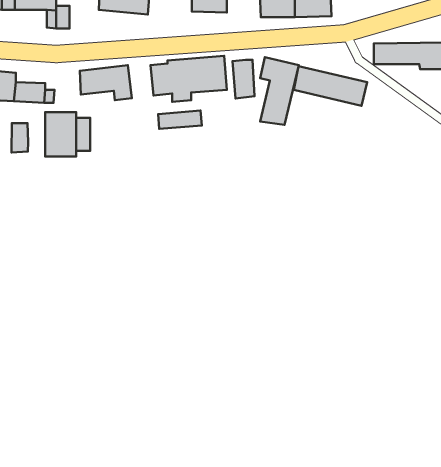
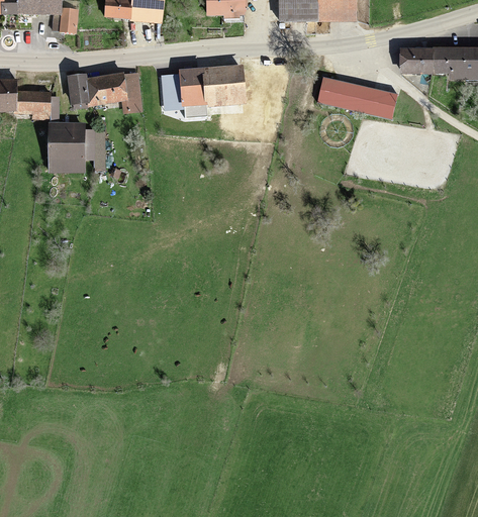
building: [260,57,299,125] -> none
building: [232,60,255,99] -> none
building: none -> [69,77,88,106]
building: [158,111,202,129] -> none
building: [12,123,28,152] -> none

